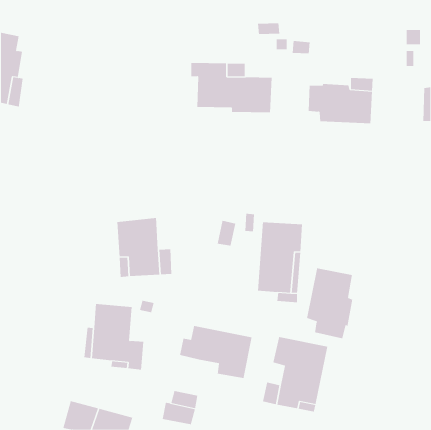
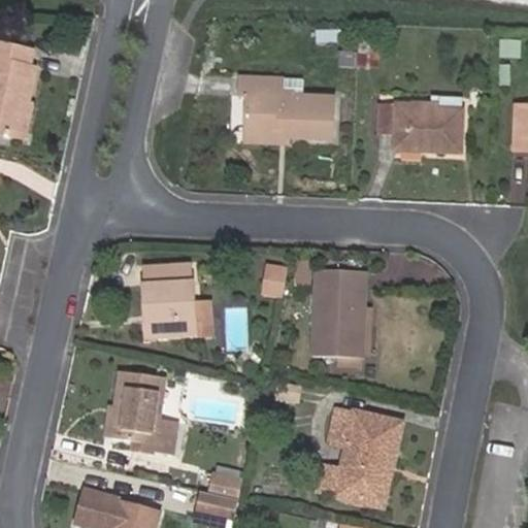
building: [307,267,353,339] -> none
building: [179,325,252,379] -> none

